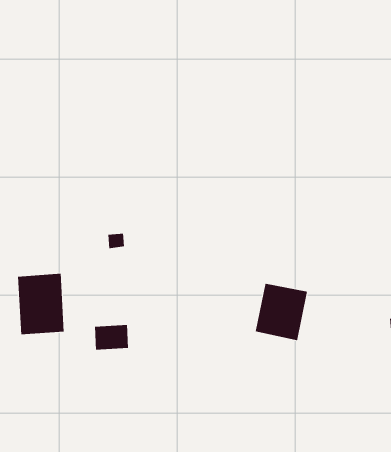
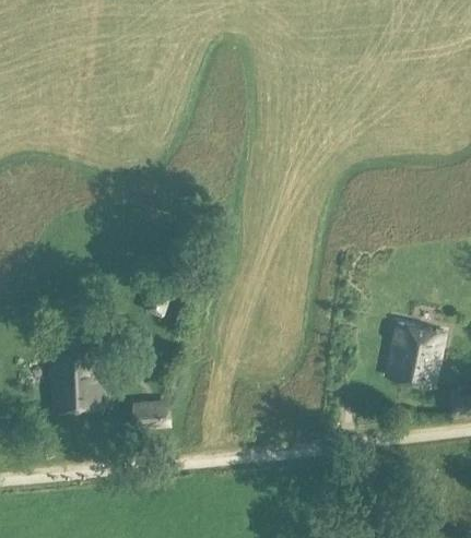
building: [255,283,308,341] -> [387,325,444,386]

